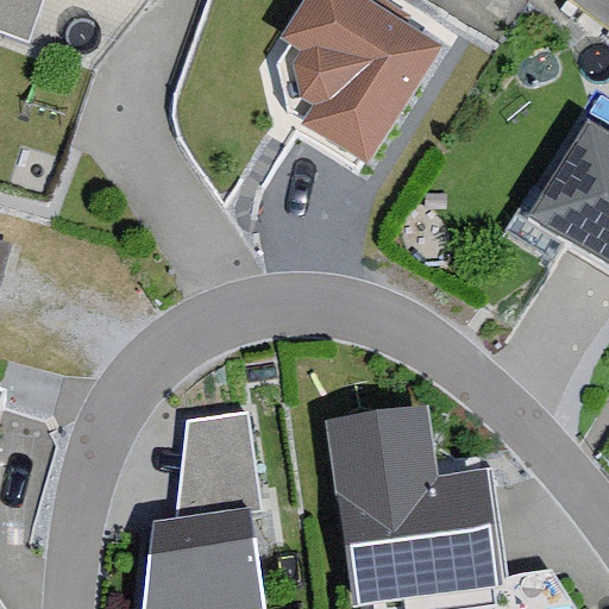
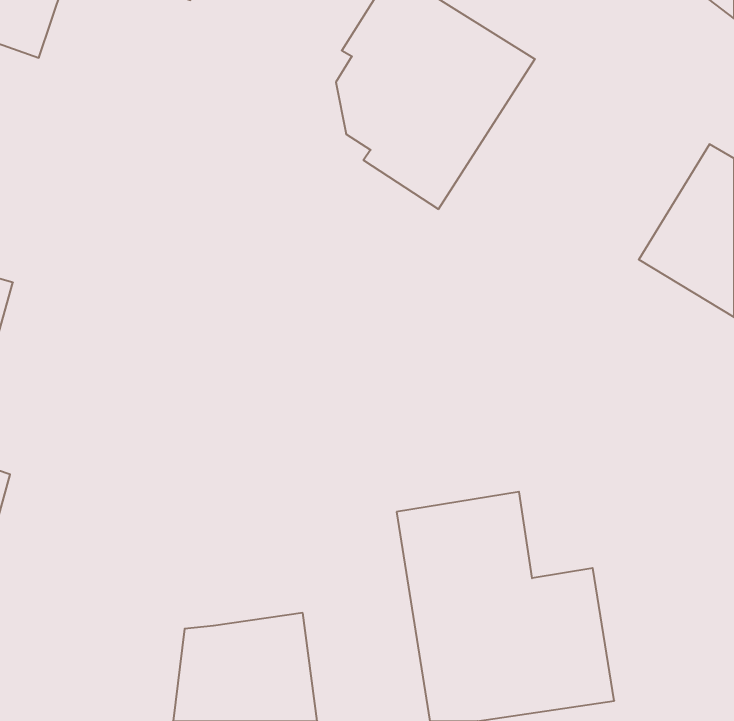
building: [176,406,262,516] -> none

